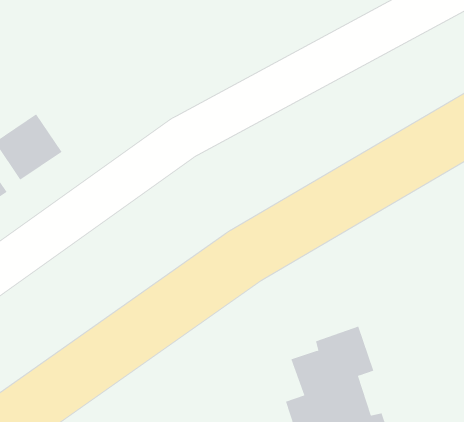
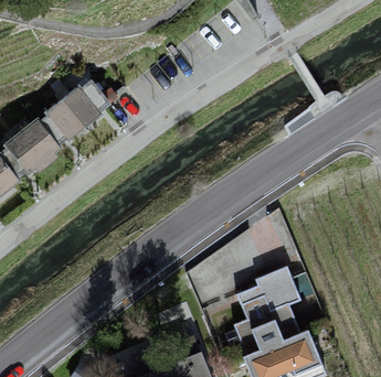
building: none -> [50,86,103,138]

